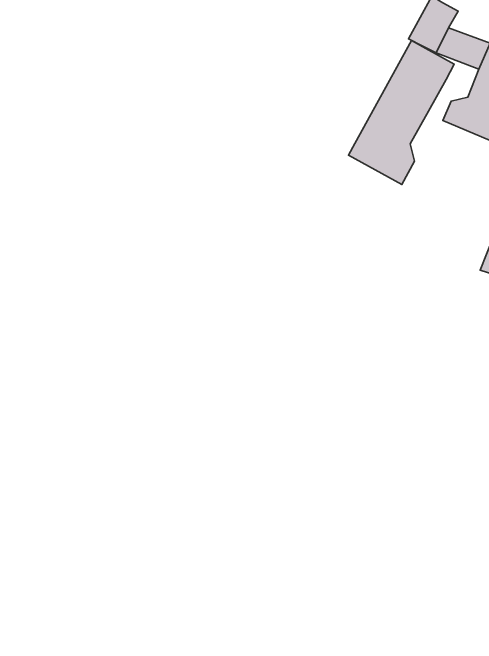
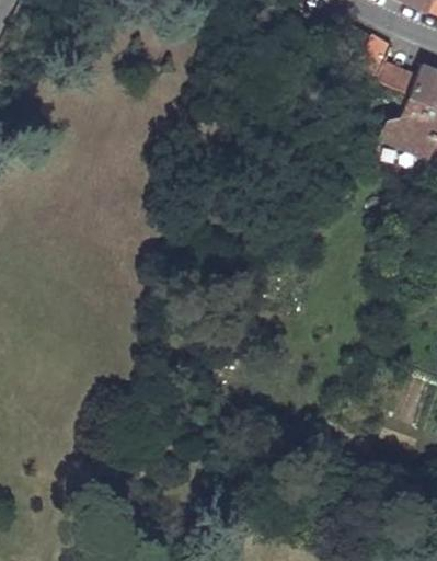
building: [349,40,454,185] -> none

